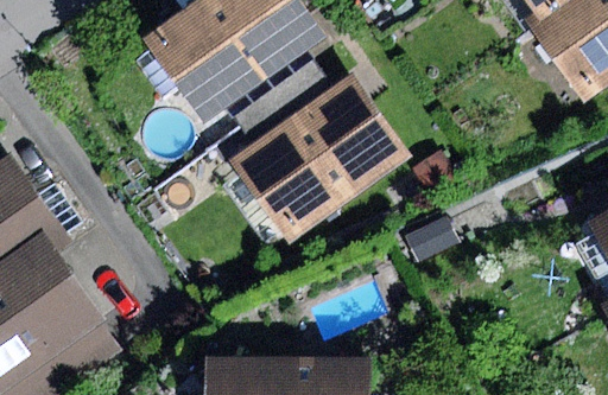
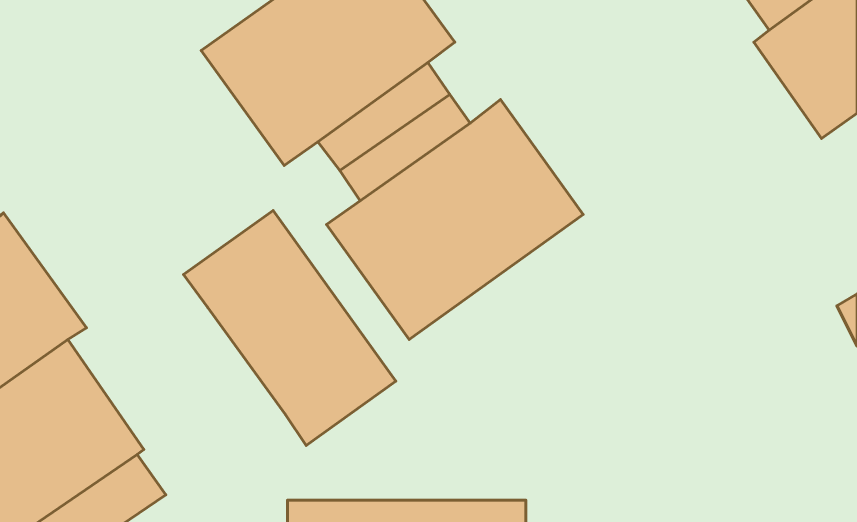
building: none -> [183,210,396,445]

